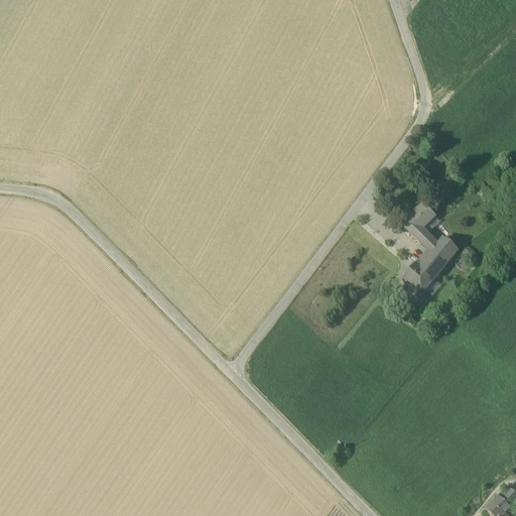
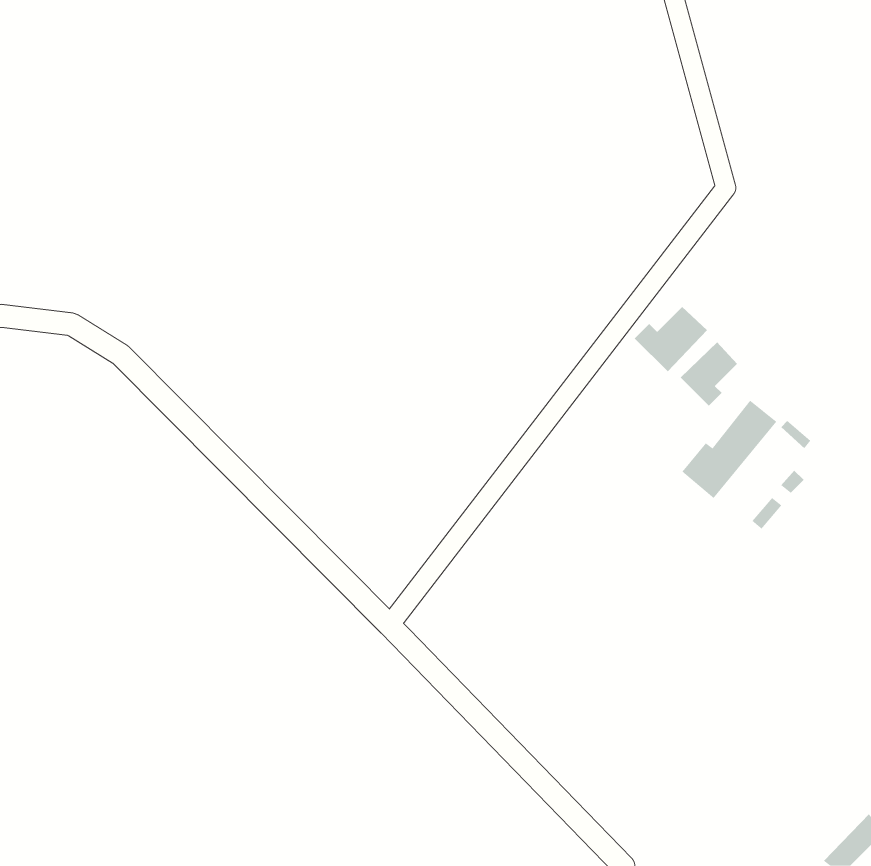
building: none -> [634,306,708,372]

